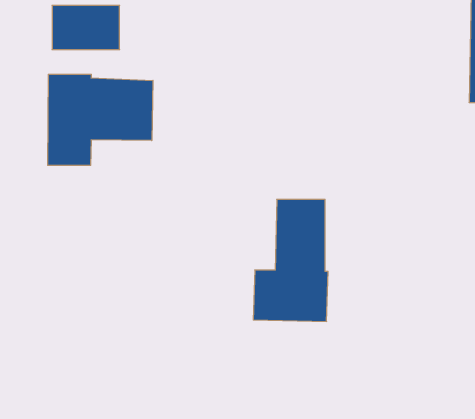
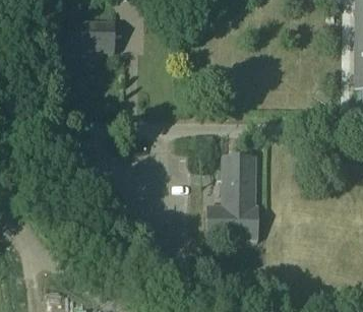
building: [48,74,153,165] -> none

